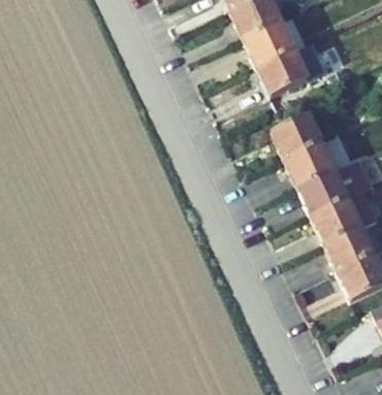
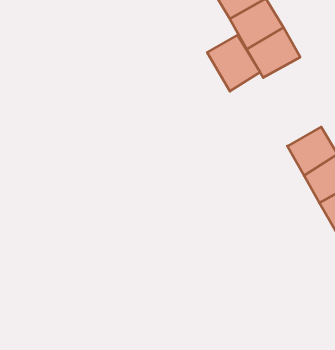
building: none -> [207,35,260,91]
building: [274,116,321,162] -> none

